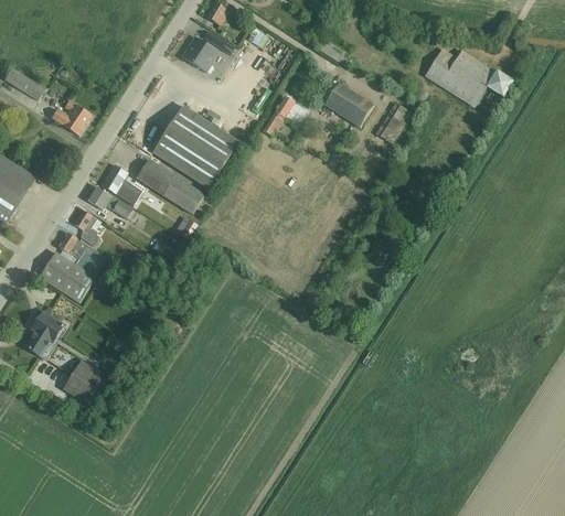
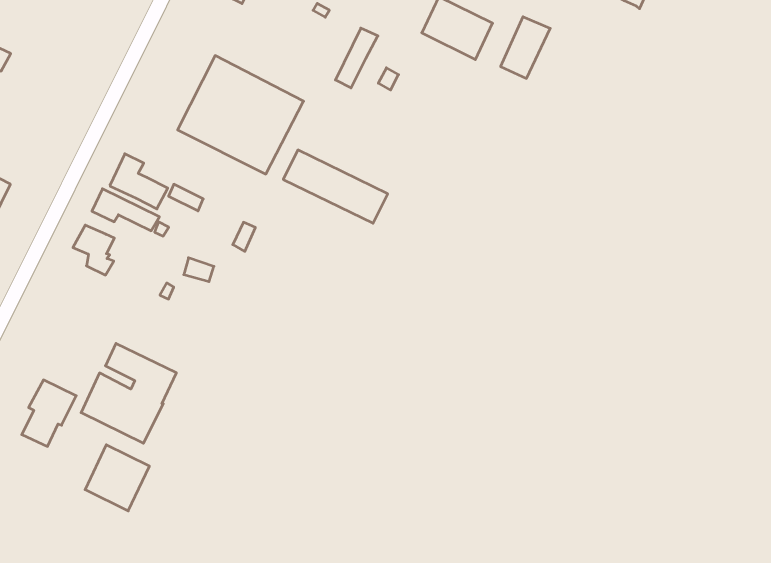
building: [53,99,92,135] -> none
building: [136,159,205,214] -> [283,150,388,223]
building: [40,233,107,302] -> [81,343,176,443]

